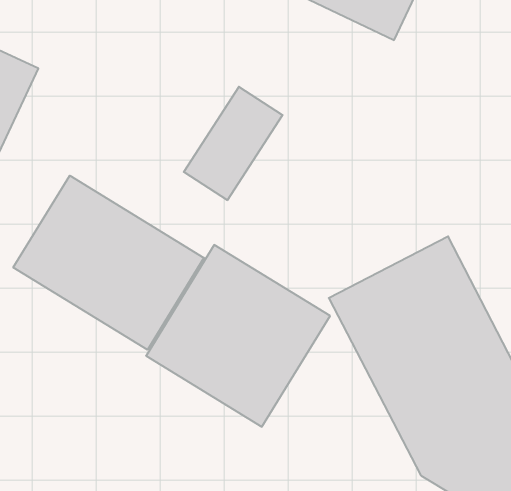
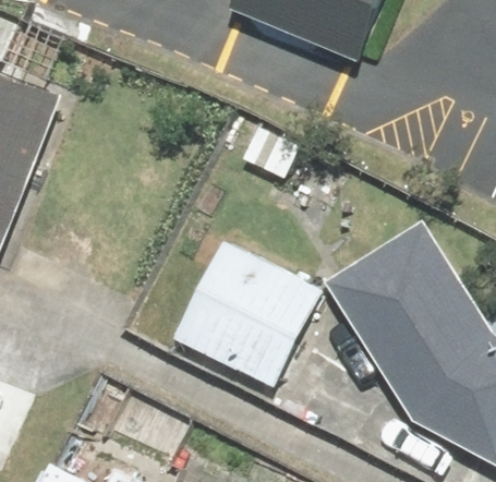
building: [13,176,204,350] -> none

